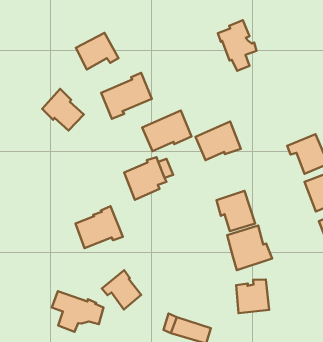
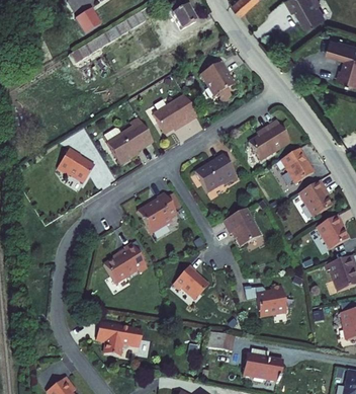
building: [76,33,118,69] -> none
building: none -> [249,122,291,163]
building: [142,111,192,151] -> [152,96,196,136]
building: [227,226,272,270] -> none
building: [102,270,141,309] -> [171,265,206,300]

